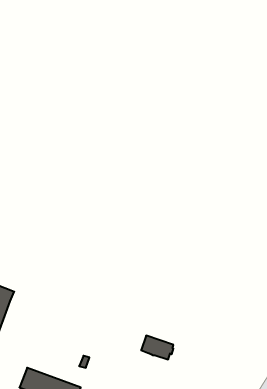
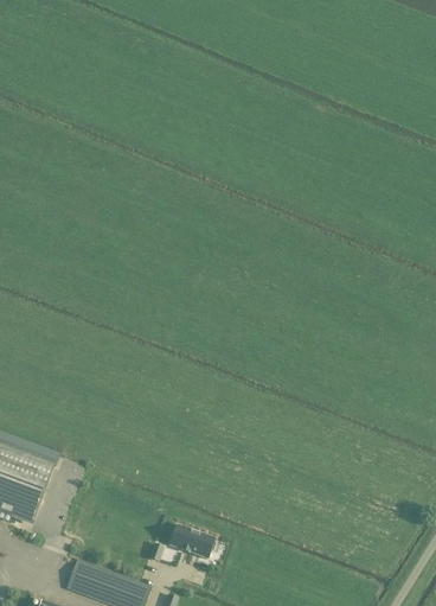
building: [141,336,173,359] -> [168,525,213,559]

